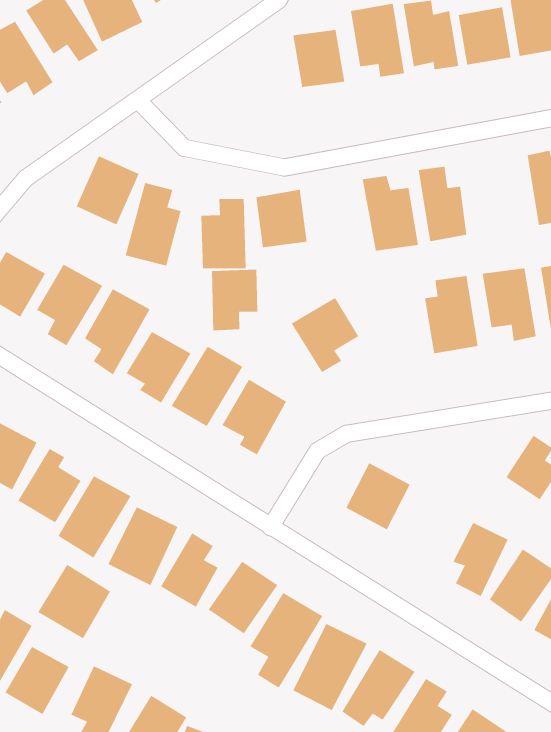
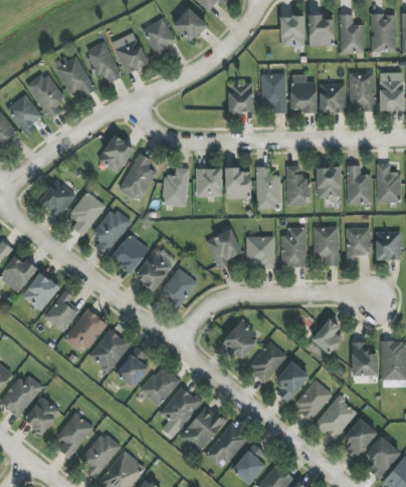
building: none -> [317,167,341,197]
building: none -> [225,169,251,198]
building: [211,269,258,331] -> none
building: none -> [245,236,274,267]
building: none -> [248,341,287,382]
building: [38,564,111,639] -> none

